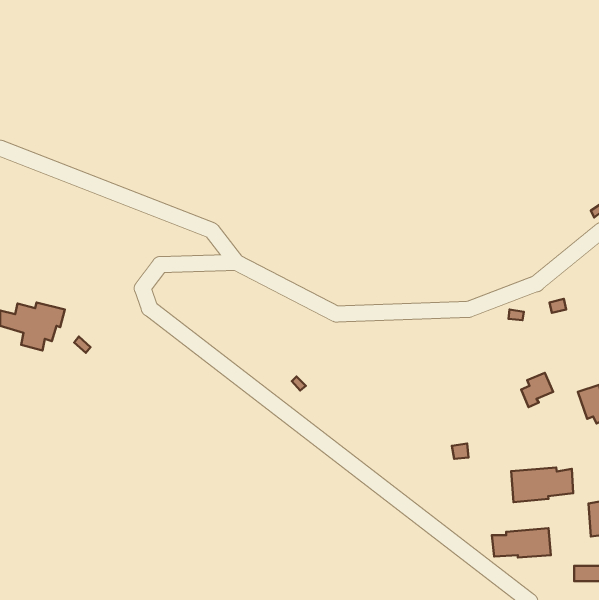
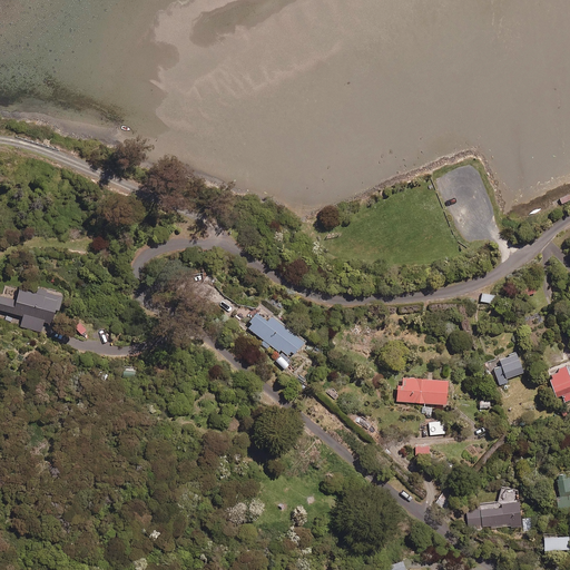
building: none -> [249,312,305,356]
building: none -> [397,377,449,406]
building: [511,468,573,502] -> none

